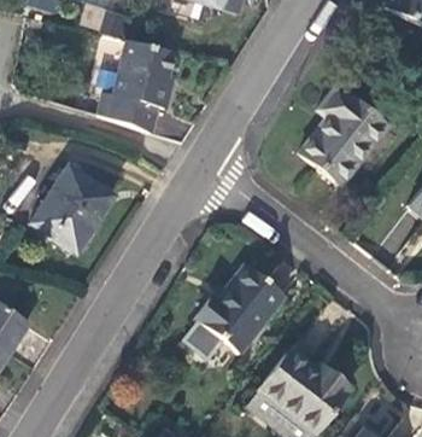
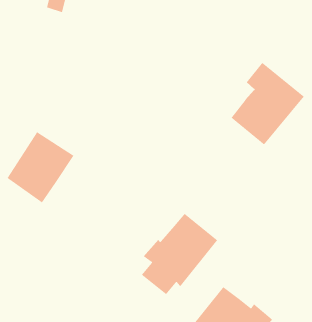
building: [96,40,175,132] -> none

